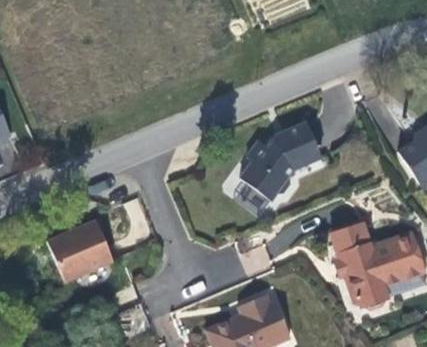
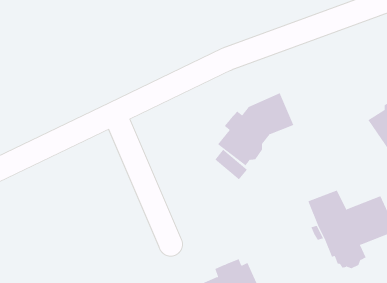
building: [49,221,116,281] -> none

